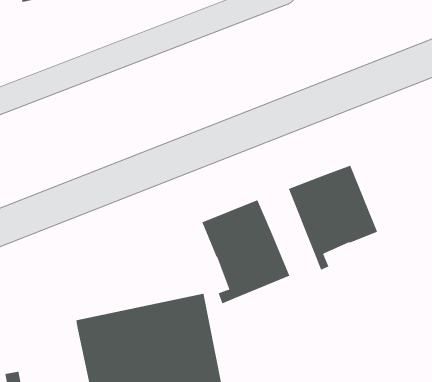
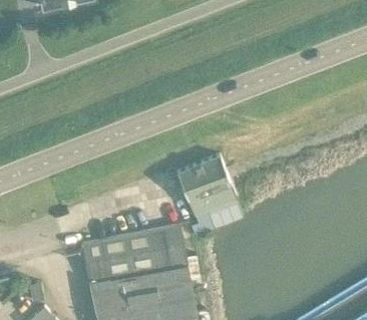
building: [288,165,378,271] -> none

